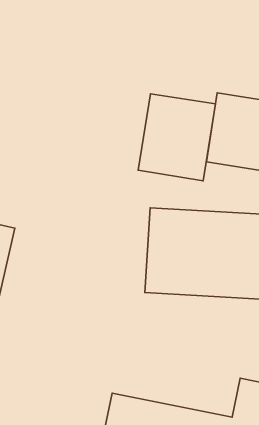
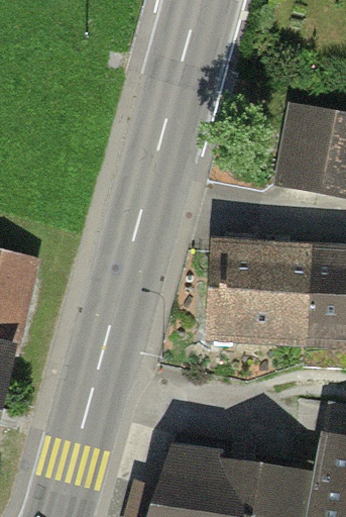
building: [138,94,215,181] -> none

